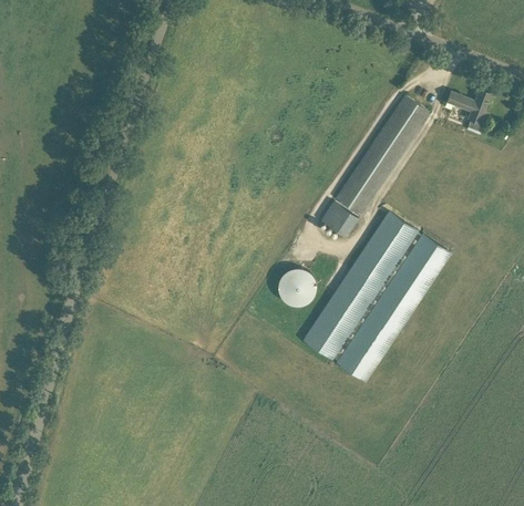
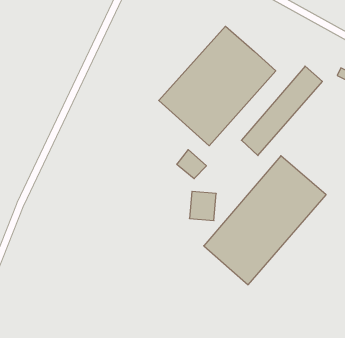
building: none -> [159,26,276,146]
building: [320,200,358,236] -> [177,150,206,179]

